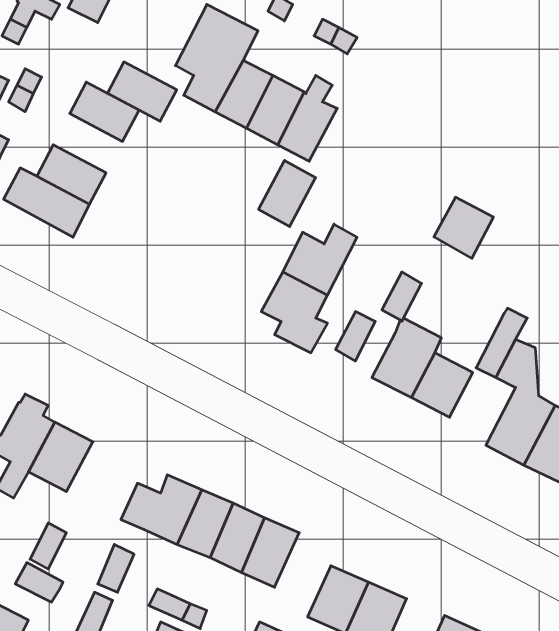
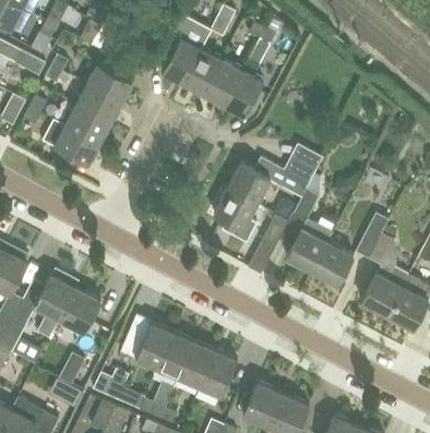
building: [107,62,177,121] -> [75,85,121,124]
building: [259,160,316,227] -> none
building: [434,197,493,258] -> [284,144,323,184]

